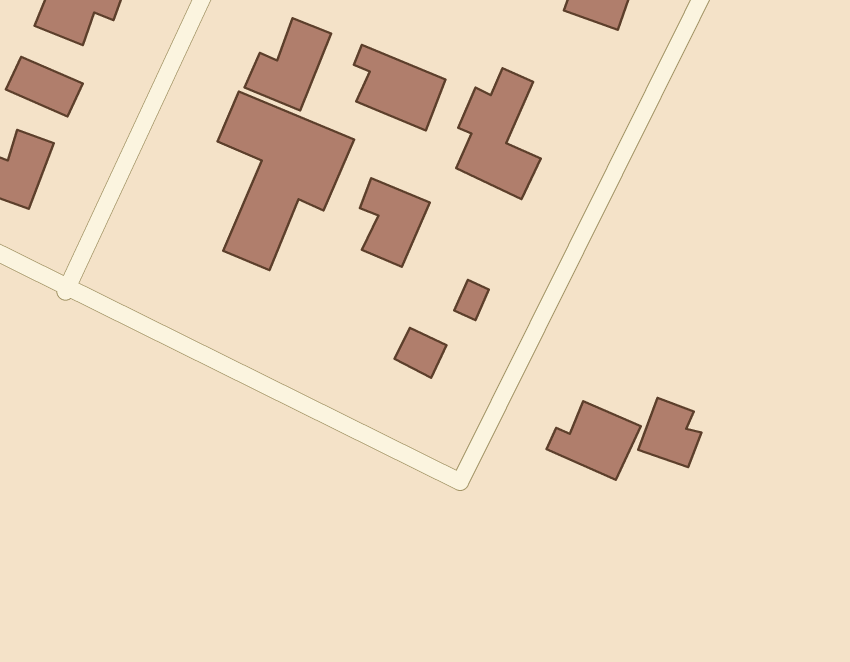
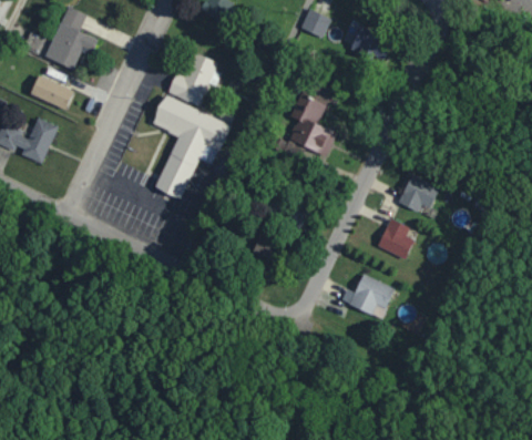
building: [354,45,446,131] -> none
building: [360,178,430,267] -> none
building: none -> [399,175,439,211]
building: [638,398,702,467] -> [378,218,415,258]

